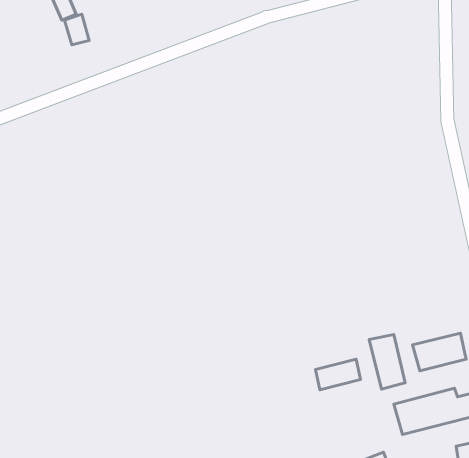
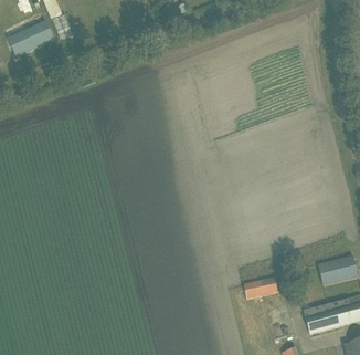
building: none -> [7,20,53,56]
building: [369,335,405,389] -> none

